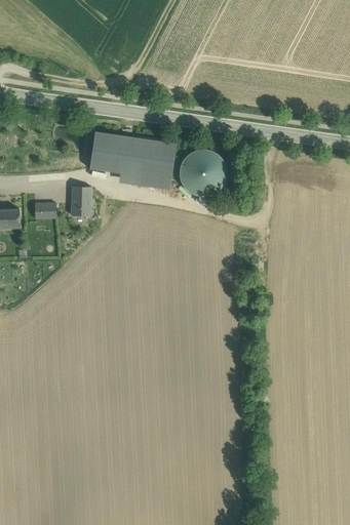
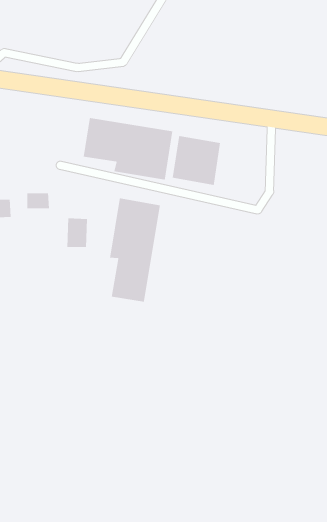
building: [72,187,92,215] -> [67,218,88,248]
building: none -> [109,197,160,303]

